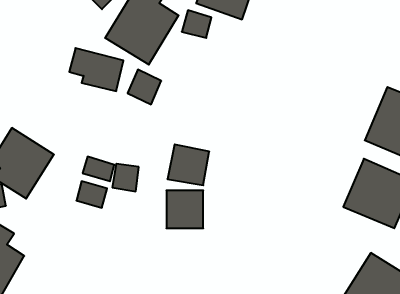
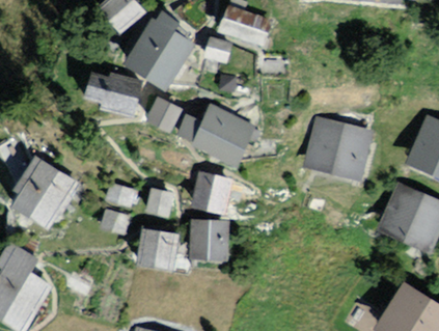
building: none -> [186,105,263,161]
building: none -> [299,119,364,181]
building: none -> [140,226,185,272]

